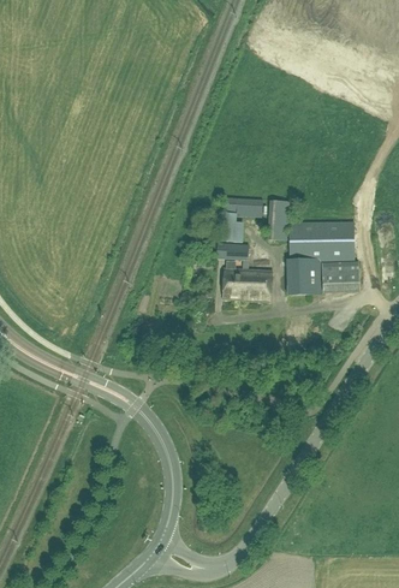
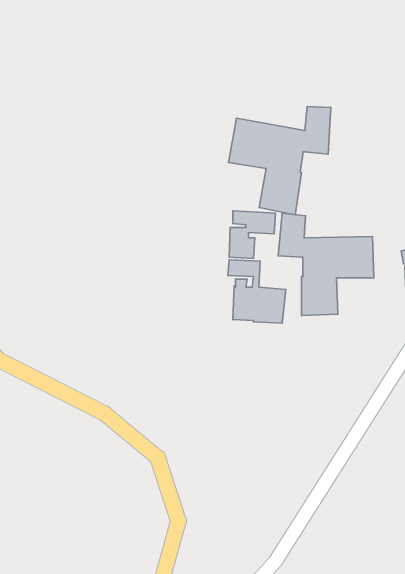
building: none -> [229,107,331,215]
building: [321,261,358,289] -> none

